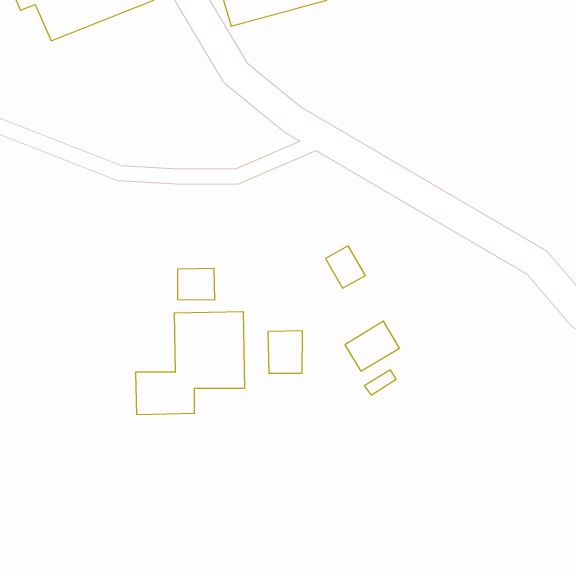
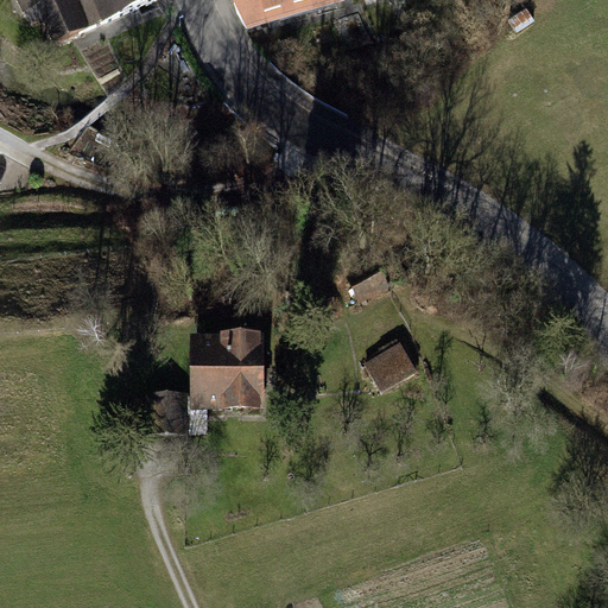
building: [178,268,215,300] -> none
building: [268,331,302,374] -> none

